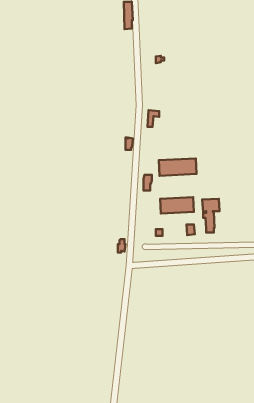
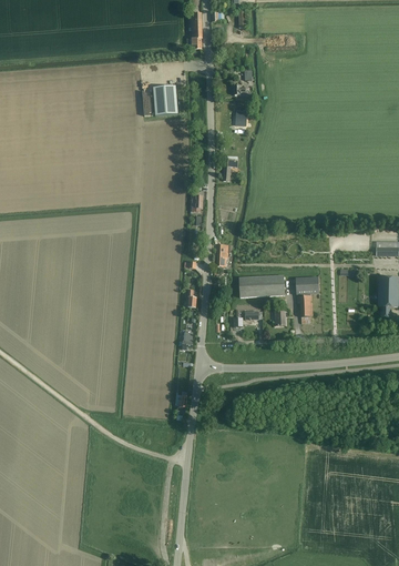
building: none -> [153,84,178,114]
building: [159,158,197,176] -> none

